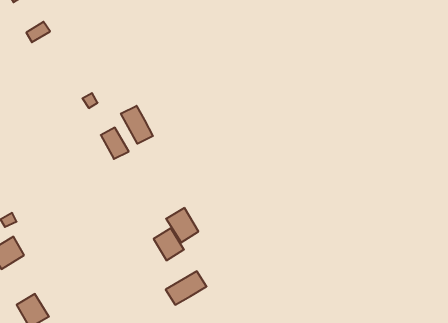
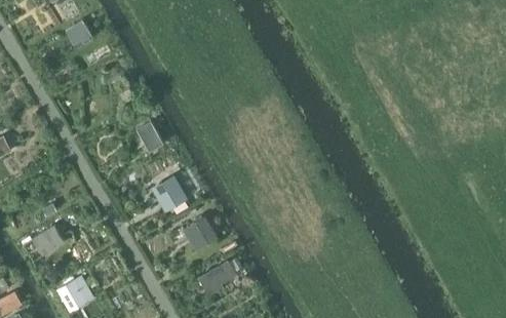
building: [121,106,153,144] -> none
building: [166,208,198,242] -> [159,175,190,208]

